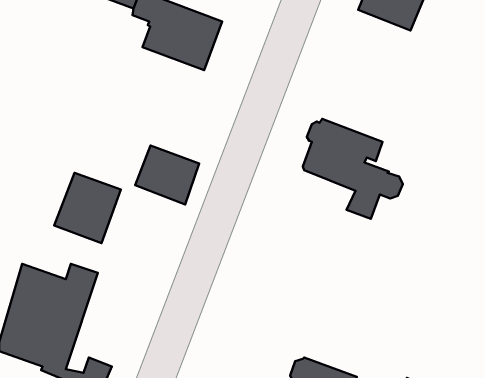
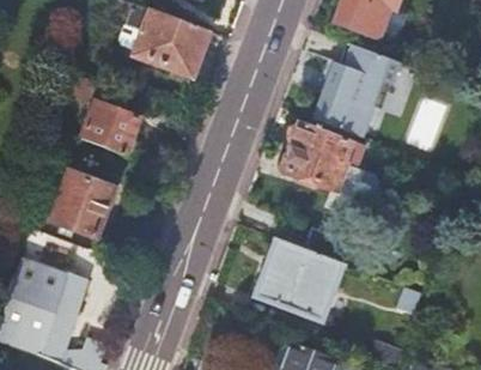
building: none -> [316,44,398,137]
building: [135,145,199,204] -> [80,99,140,154]
building: none -> [255,238,345,321]

